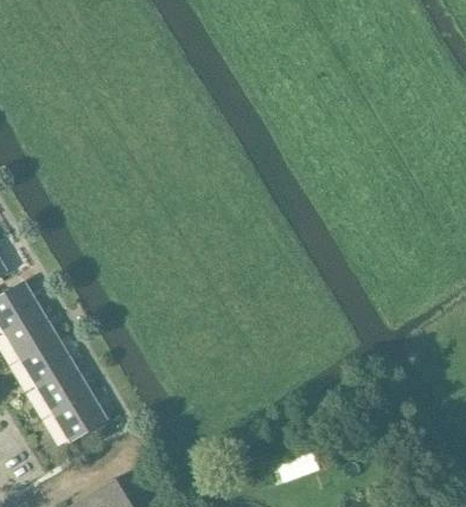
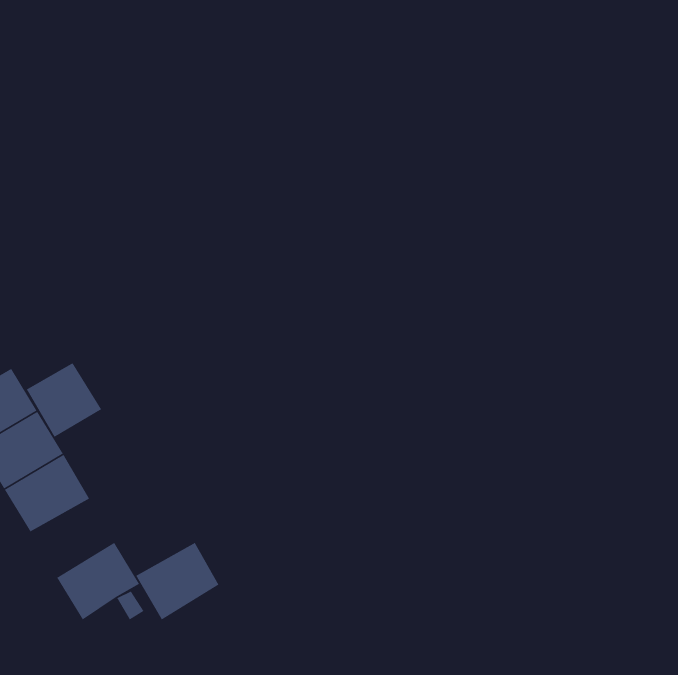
building: none -> [26,362,102,438]
building: [37,366,90,416] -> [135,542,219,621]

